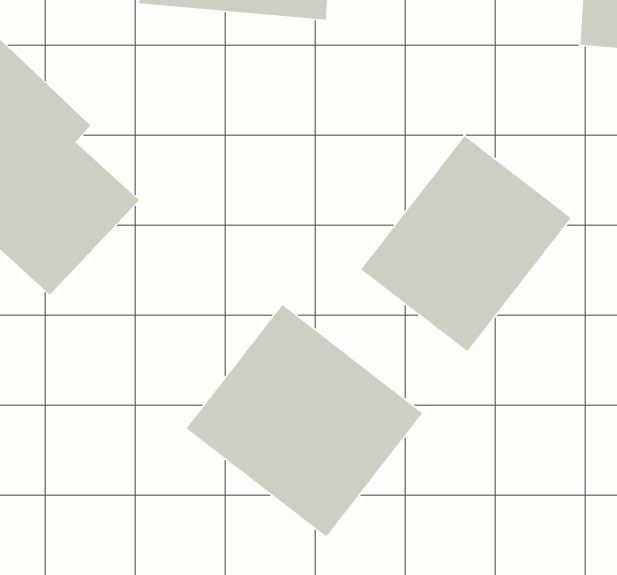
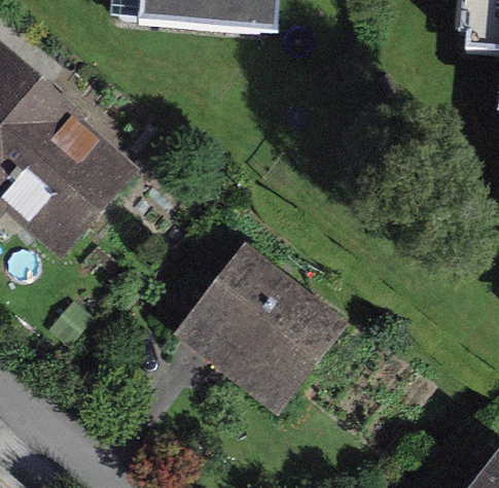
building: [360,135,572,352] -> none

